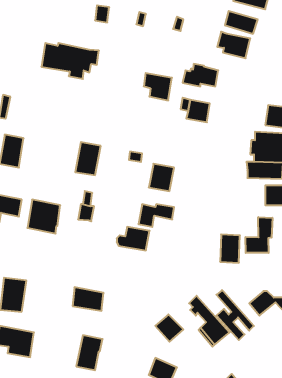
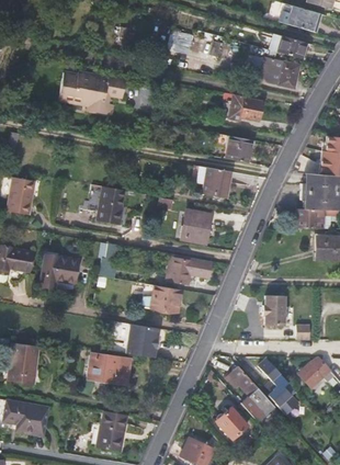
building: [144,73,172,100] -> [196,166,229,197]
building: [246,217,272,253] -> none
building: none -> [125,324,158,358]
building: [155,314,183,342] -> [215,407,248,439]

